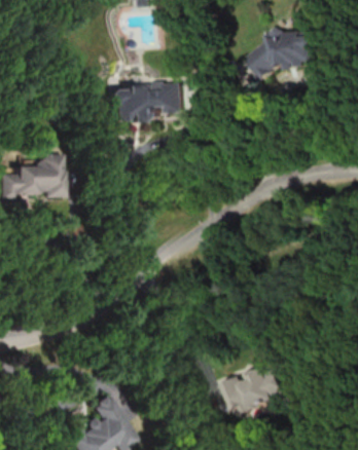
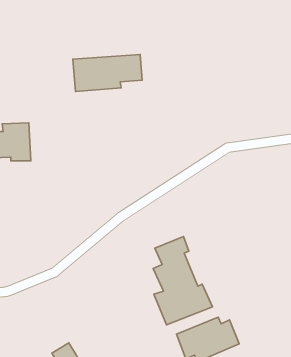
building: [259,30,318,77] -> none
building: none -> [153,237,213,325]

